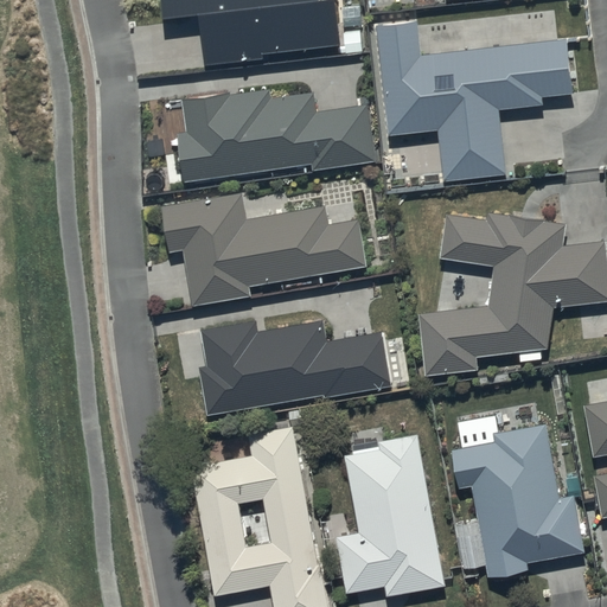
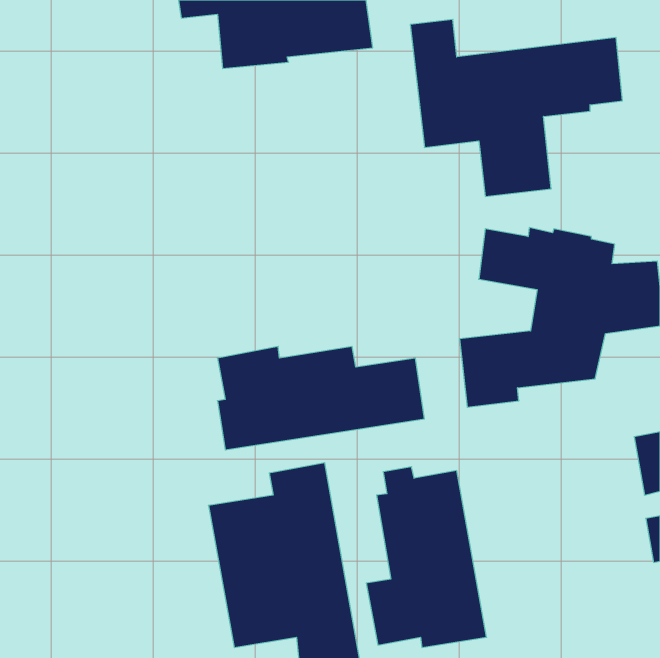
building: [180,89,376,183] -> none
building: [164,194,365,305] -> none
building: [452,424,583,577] -> none

